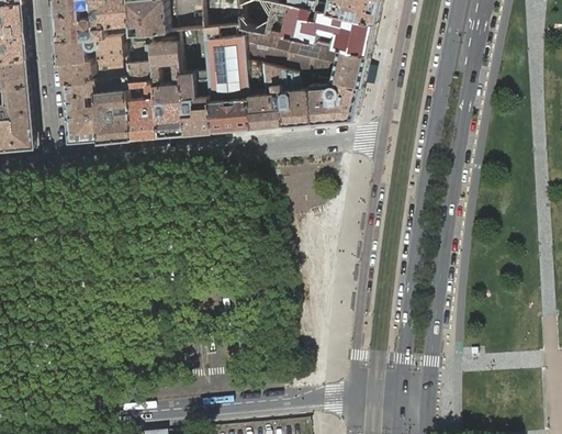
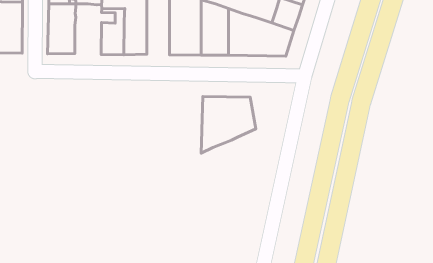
building: [178,74,211,135] -> none
building: [92,80,128,143] -> none
building: none -> [201,96,256,153]

